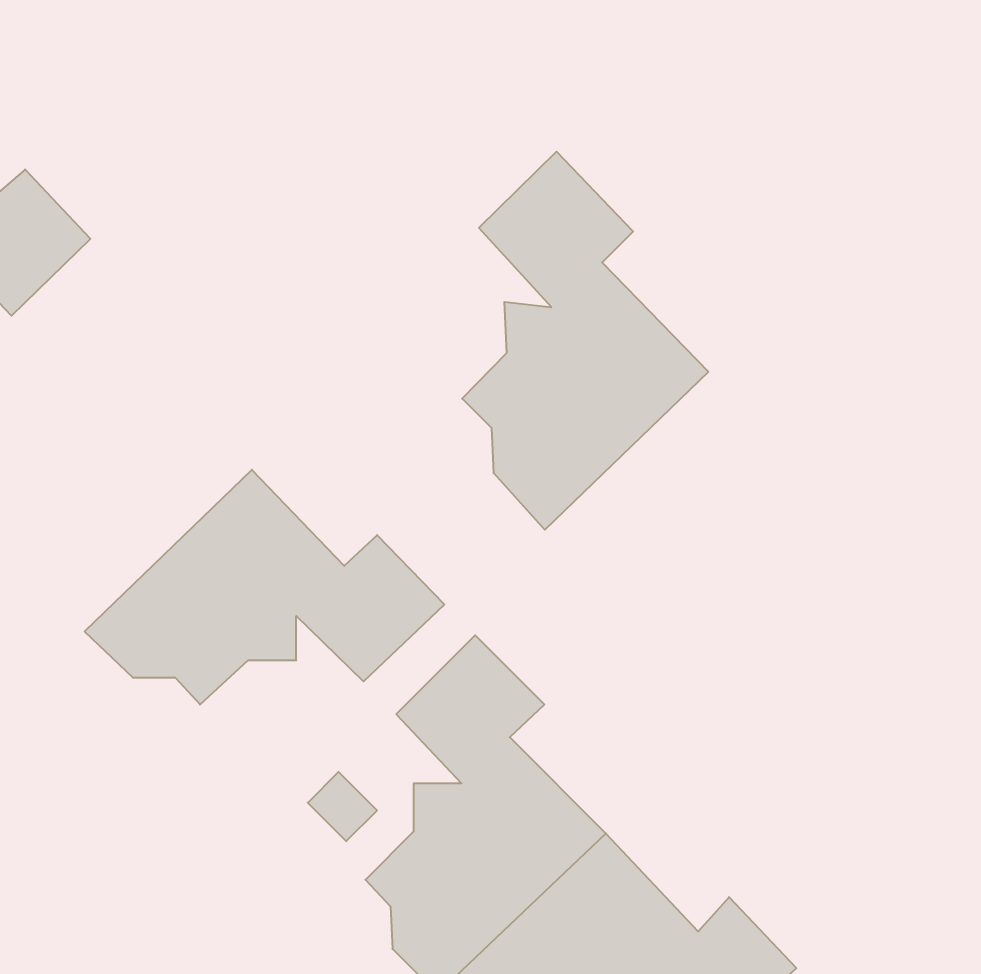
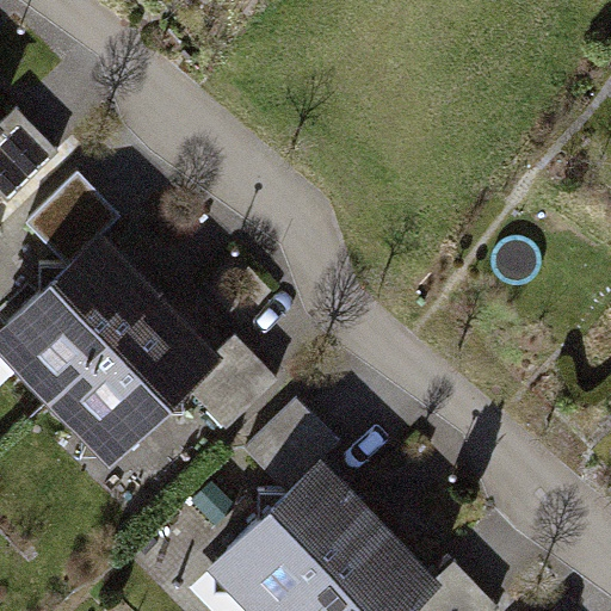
building: [462,152,708,530] -> none
building: none -> [8,174,156,397]

